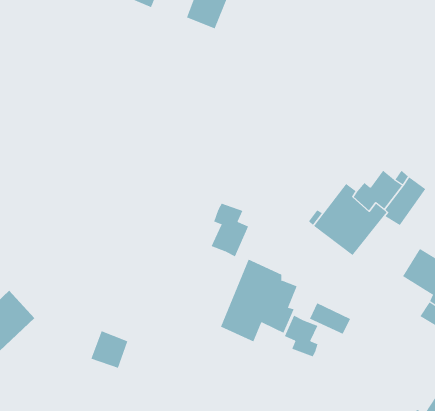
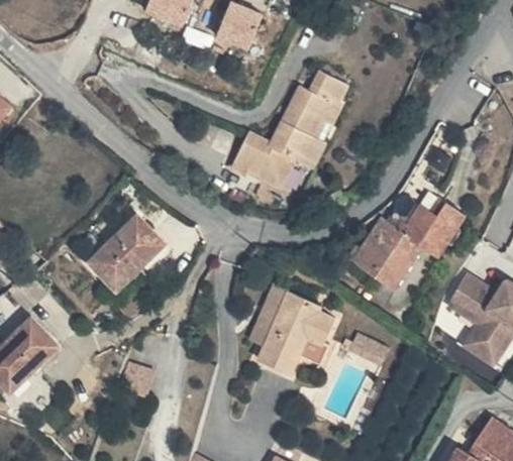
building: none -> [231,74,344,185]
building: none -> [87,218,165,294]
building: [211,203,249,257] -> none
building: [284,315,318,357] -> none

